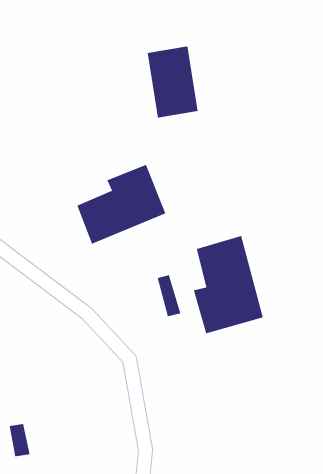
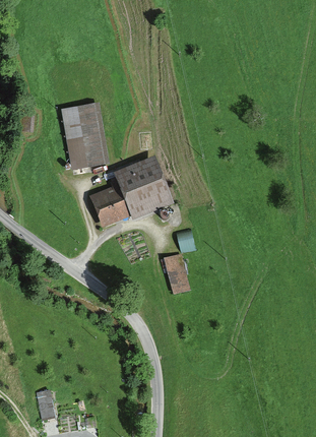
building: [147,46,198,118] -> [63,105,109,169]
building: [193,235,264,334] -> none

